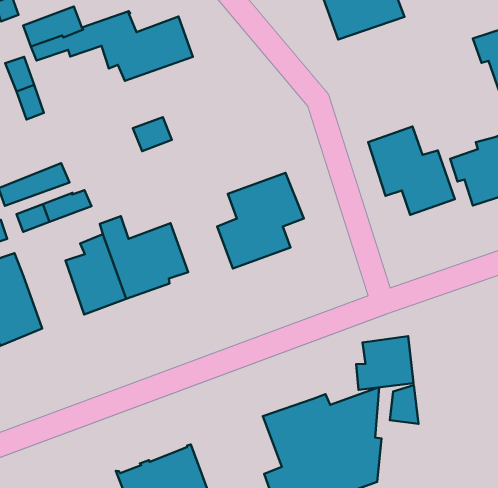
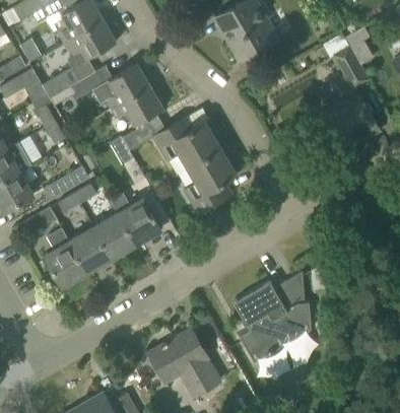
building: none -> [111,87,163,127]
building: none -> [153,118,220,175]
building: [368,127,455,215] -> none
building: none -> [69,227,111,272]
building: [356,336,414,390] -> none

